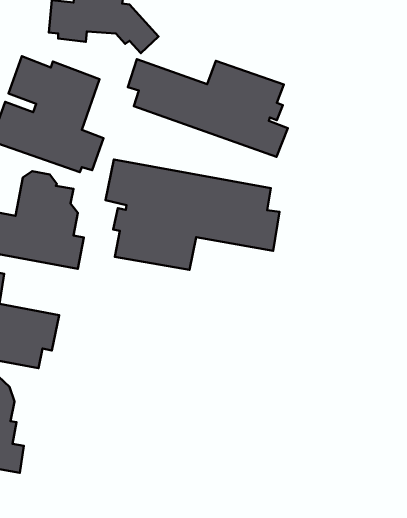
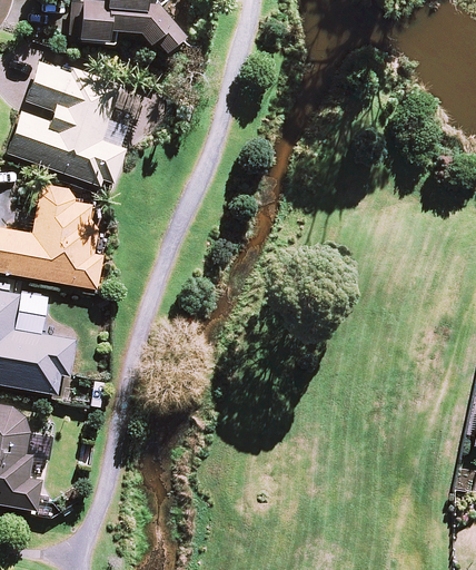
building: [128,59,288,157] -> none
building: [106,159,279,270] -> none

